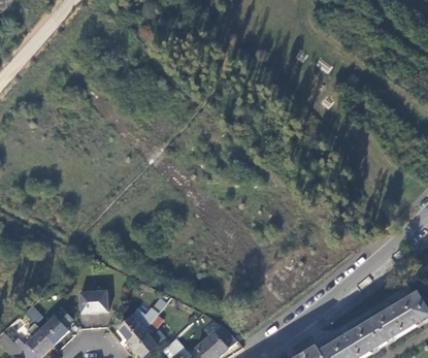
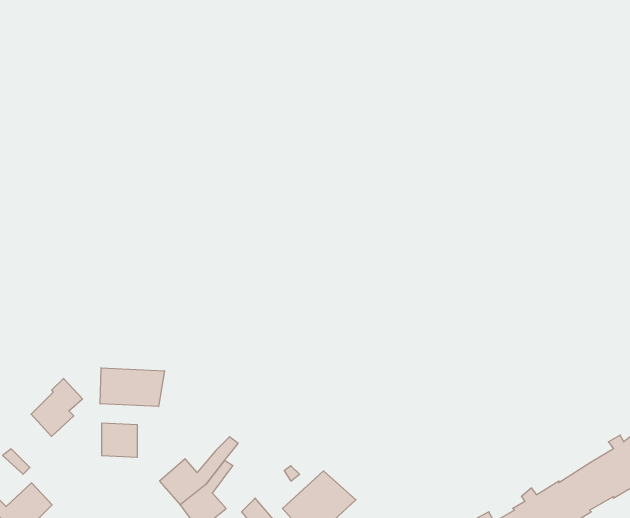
building: none -> [100,368,164,407]
building: [41,306,72,341] -> [31,378,82,436]

